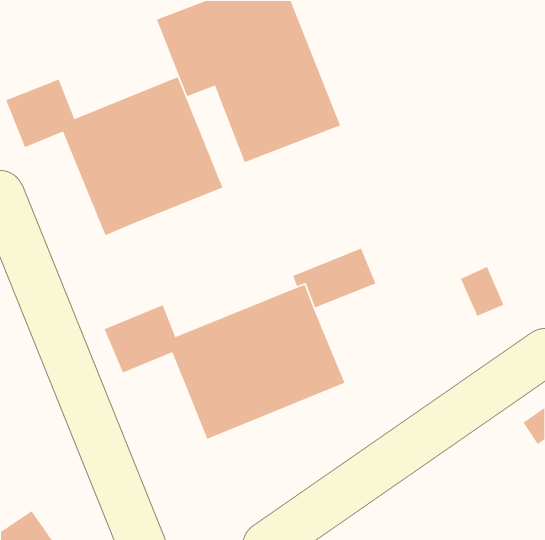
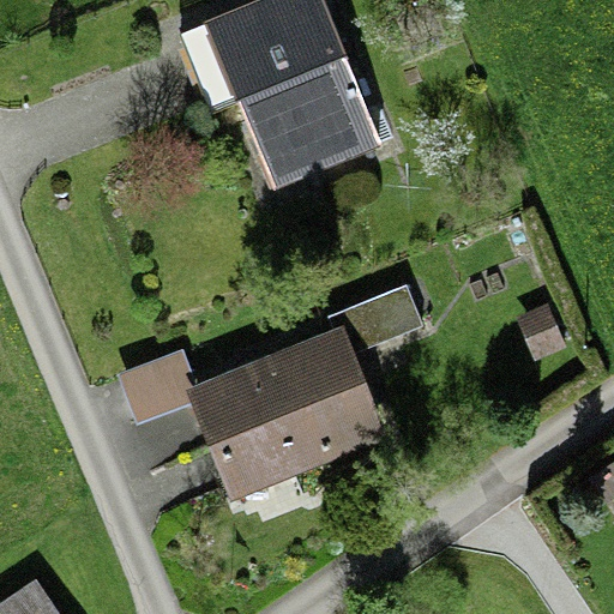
building: [5,76,224,236] -> none

